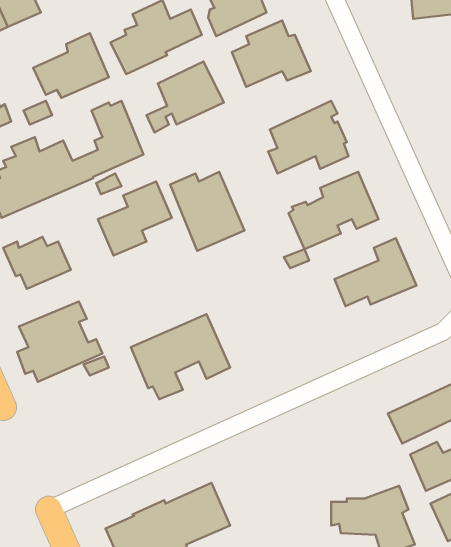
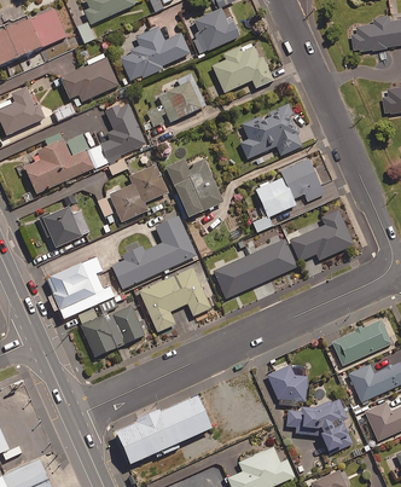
building: none -> [112,216,196,289]
building: none -> [214,239,297,298]
building: none -> [79,306,144,356]
building: none -> [268,365,307,406]

